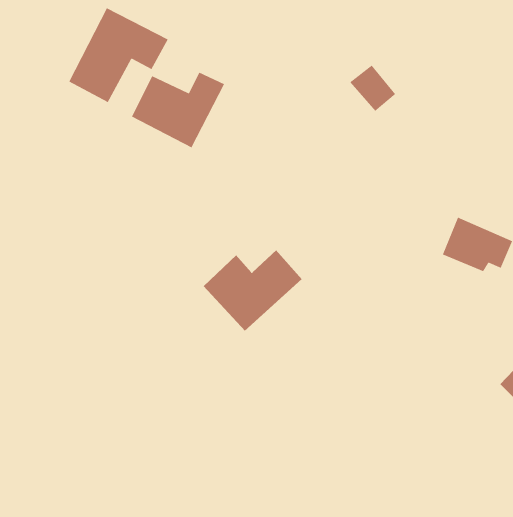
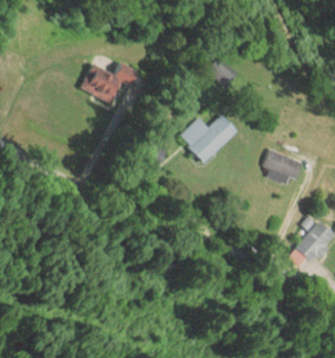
building: [68,7,169,103] -> none
building: [203,249,302,331] -> [178,114,237,162]

